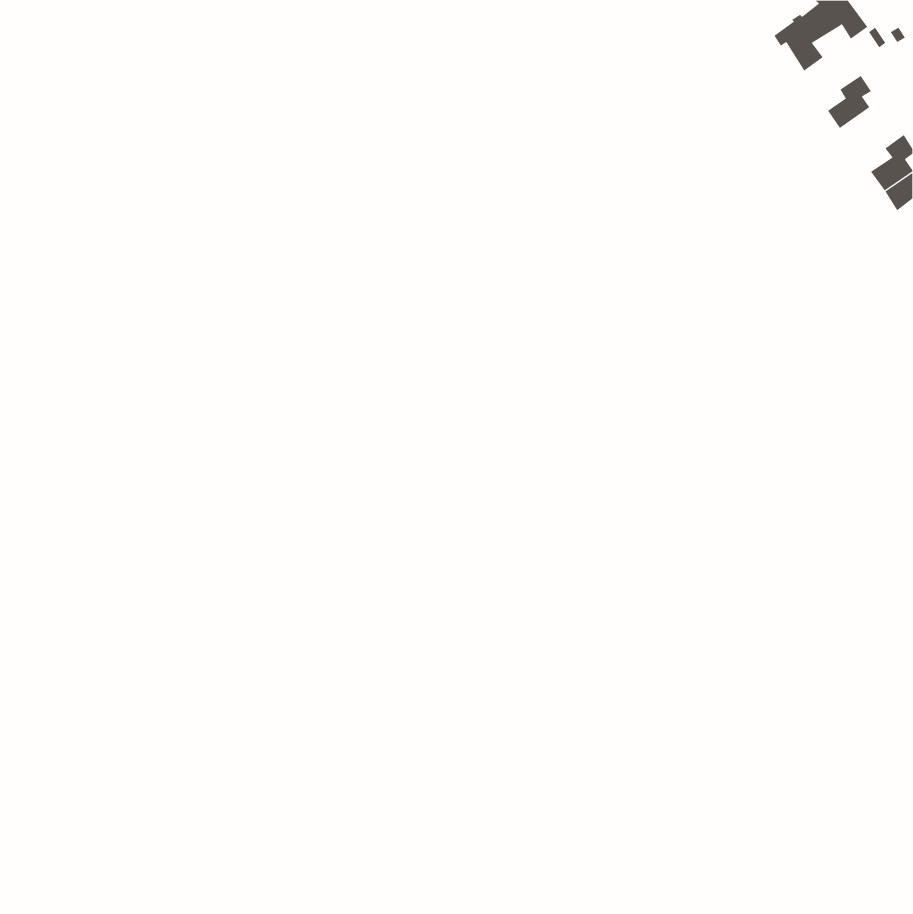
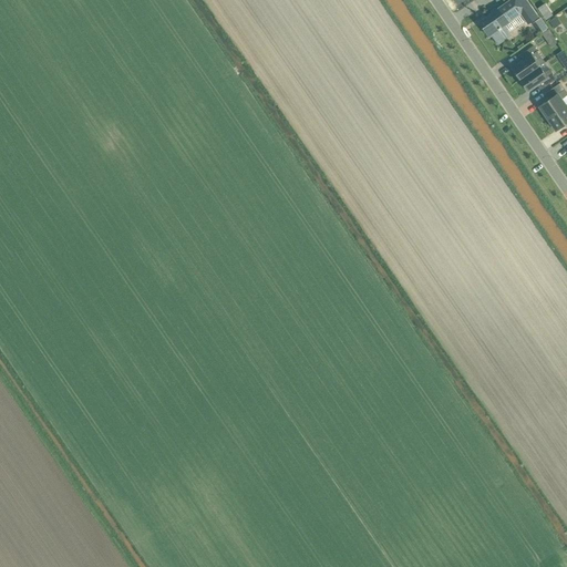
building: none -> [519,66,556,91]

